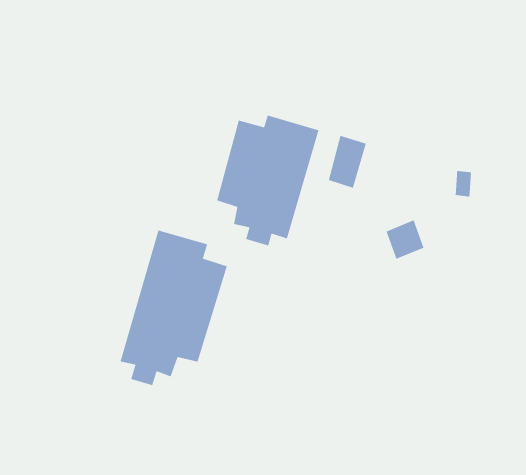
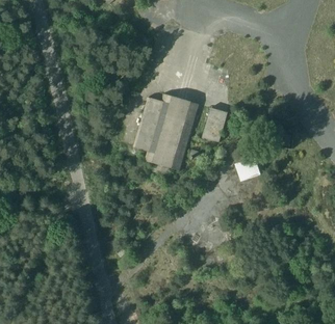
building: [119,229,228,386] -> none

